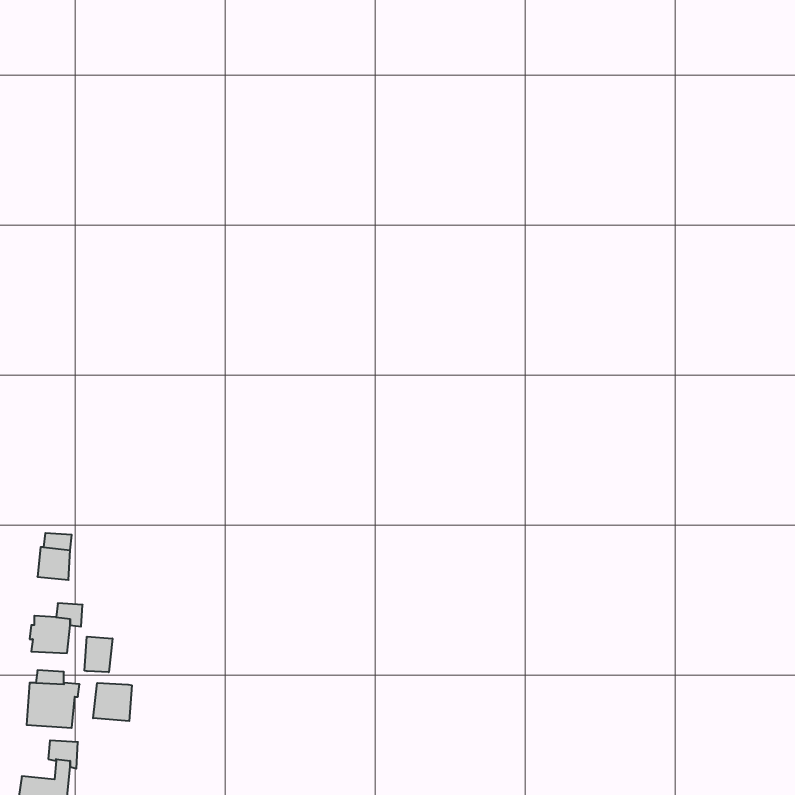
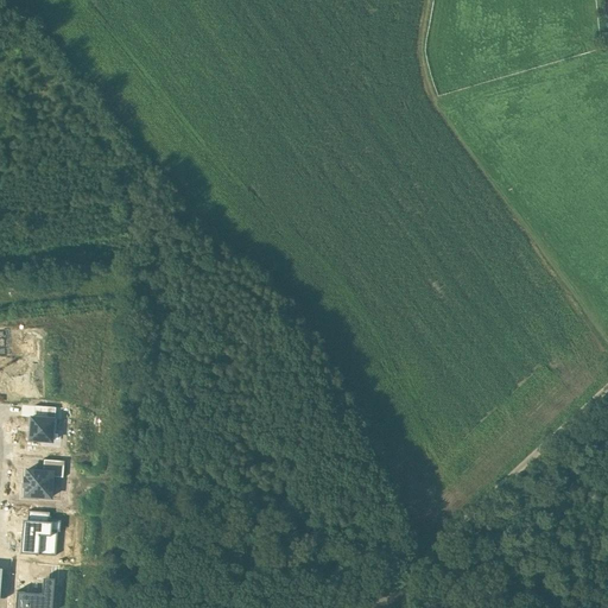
building: [85,637,112,672] -> none
building: [93,683,132,721] -> none

